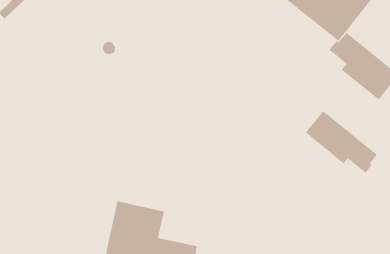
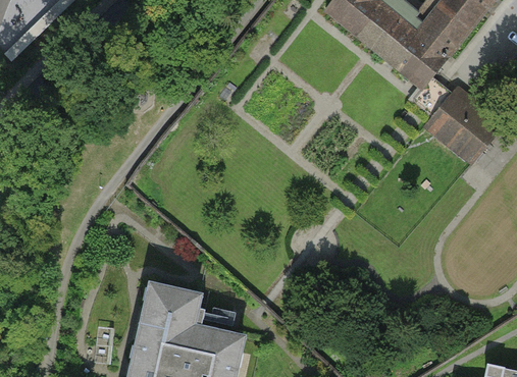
building: [305,110,378,174] -> none

